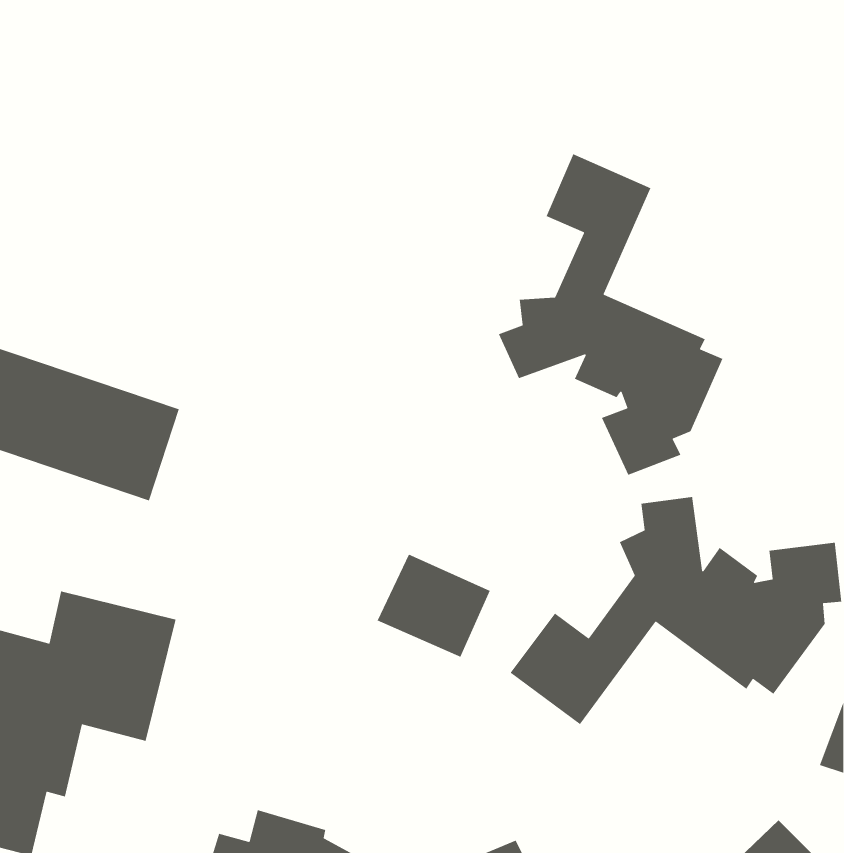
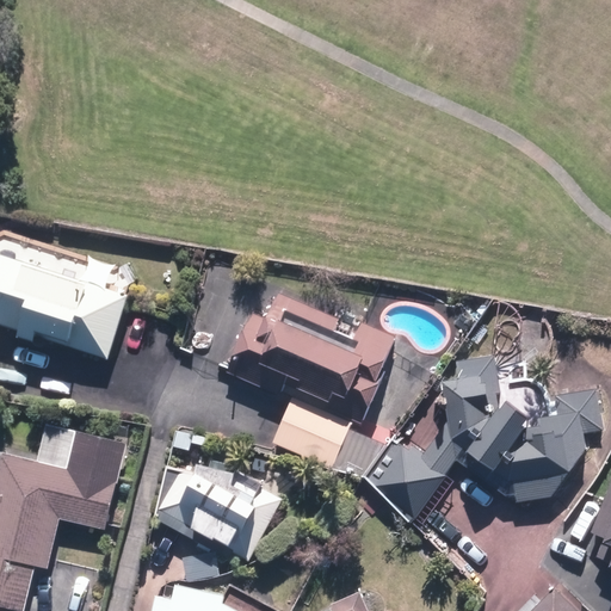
building: [498,153,723,476] -> none
building: none -> [220,292,395,424]
building: none -> [154,461,280,563]

